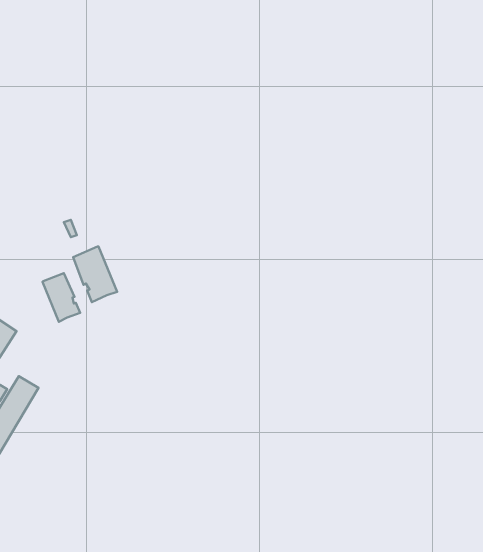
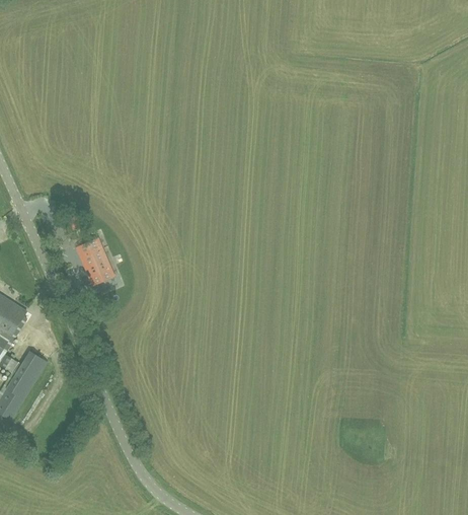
building: [42,273,80,322] -> none

